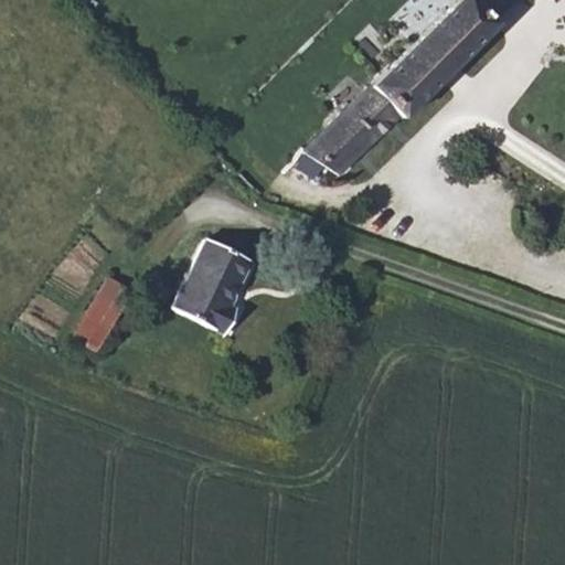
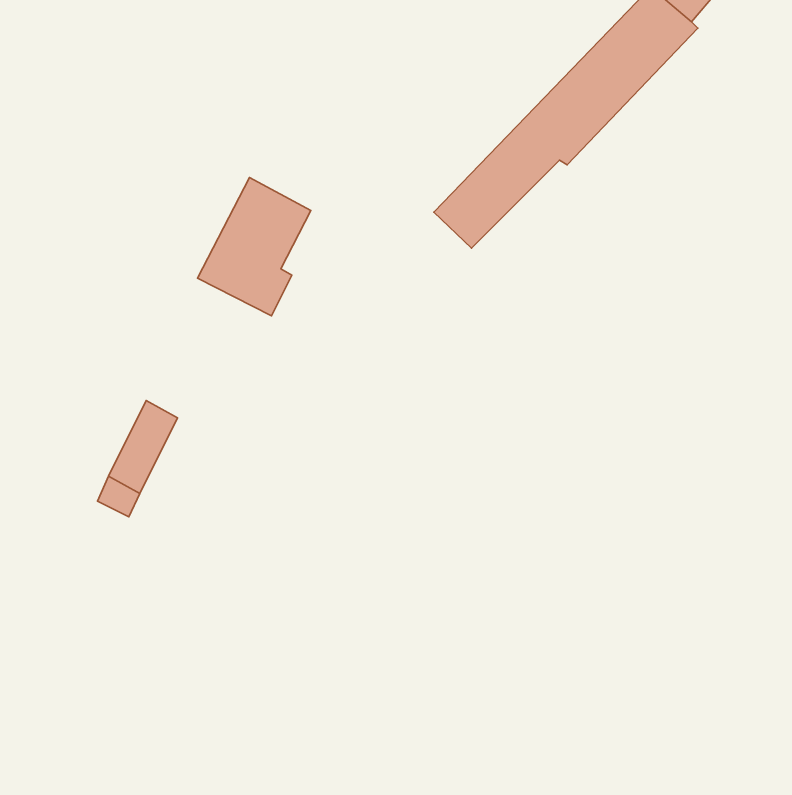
building: [172,236,252,333] -> [198,178,311,316]

